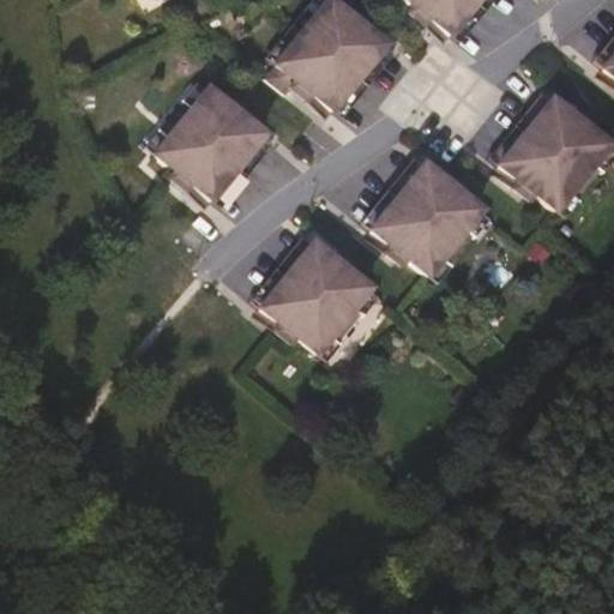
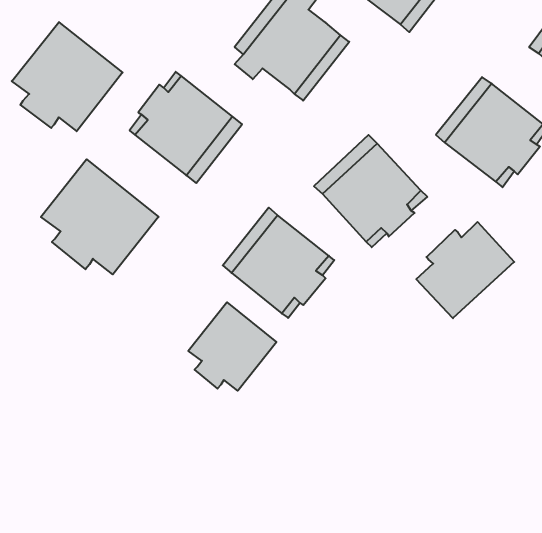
building: none -> [12,22,123,131]
building: none -> [41,159,159,274]
building: none -> [416,222,514,318]
building: none -> [188,302,276,391]

